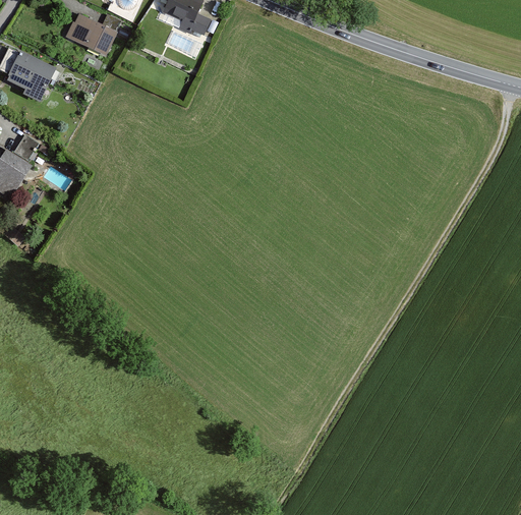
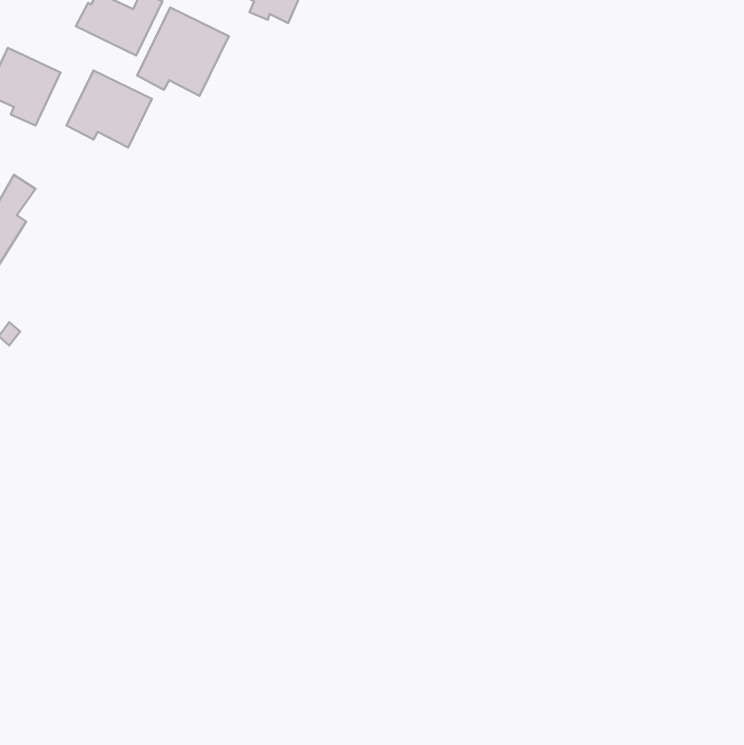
building: none -> [137,7,229,96]
building: none -> [66,70,152,148]

